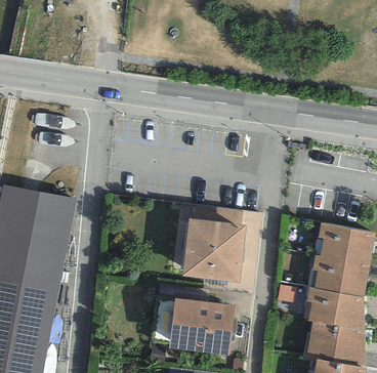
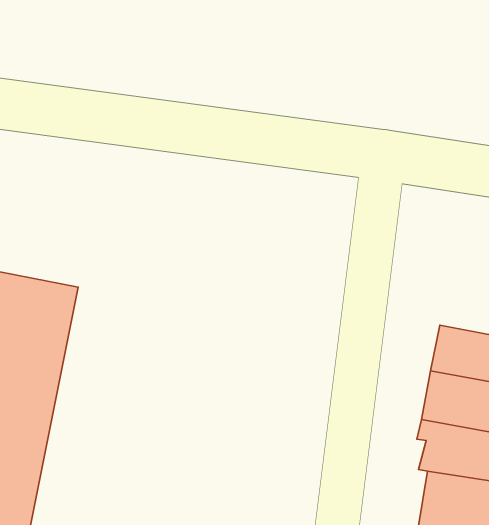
building: [182,217,245,279] -> none
building: [170,296,235,350] -> none

